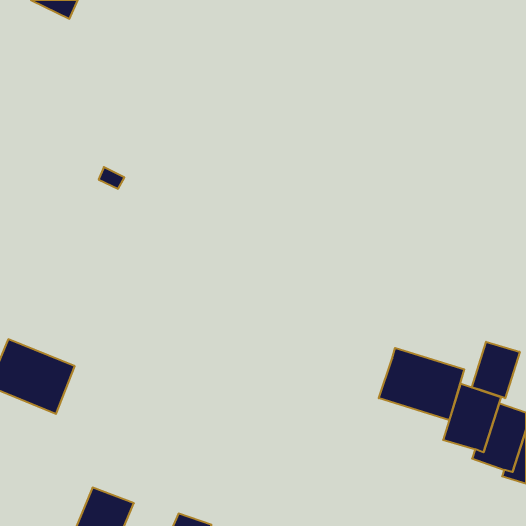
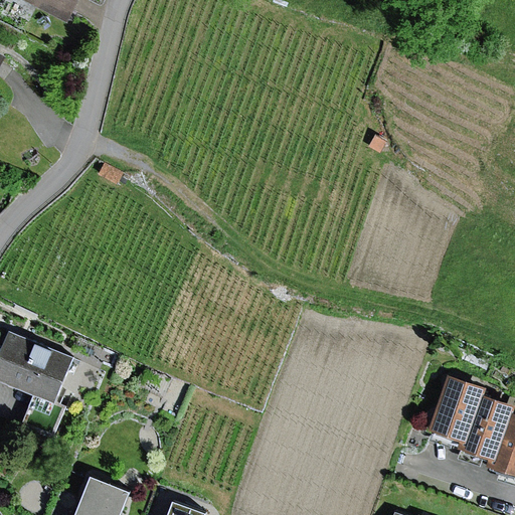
building: [472,342,520,398] -> none
building: [379,348,464,420] -> none

